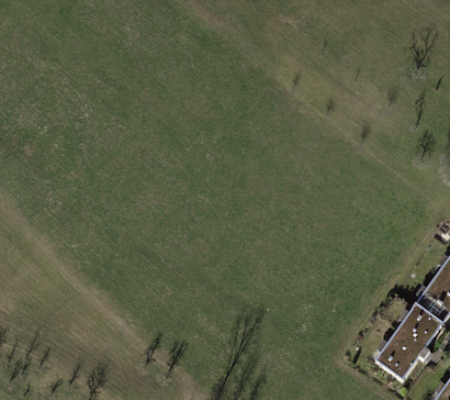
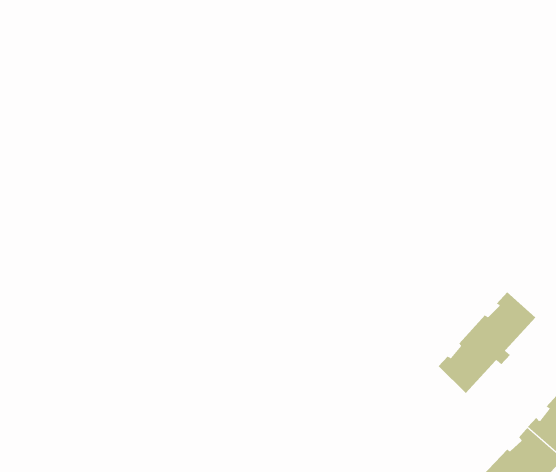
building: none -> [438,291,536,394]

